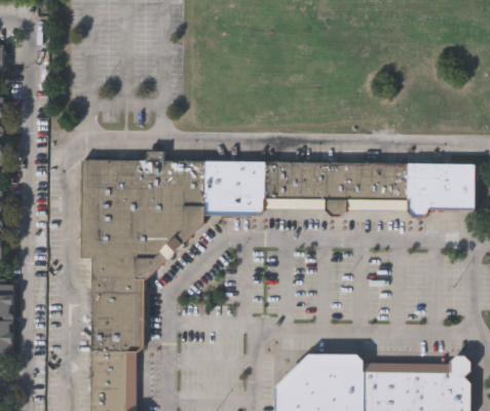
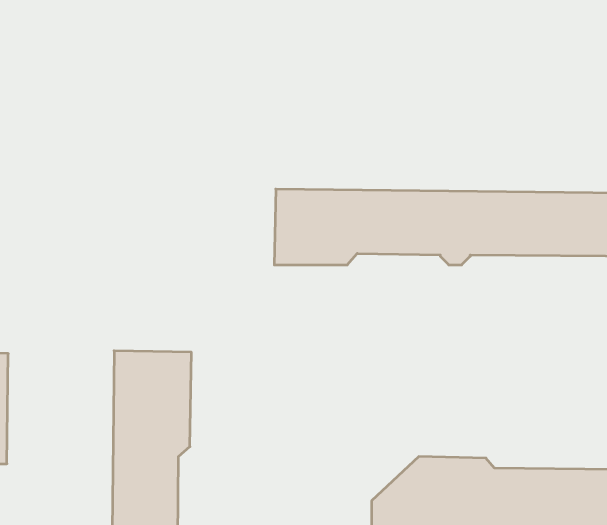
building: [78,150,206,278] -> none

